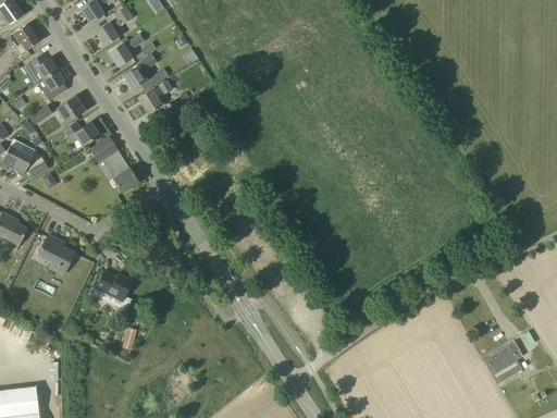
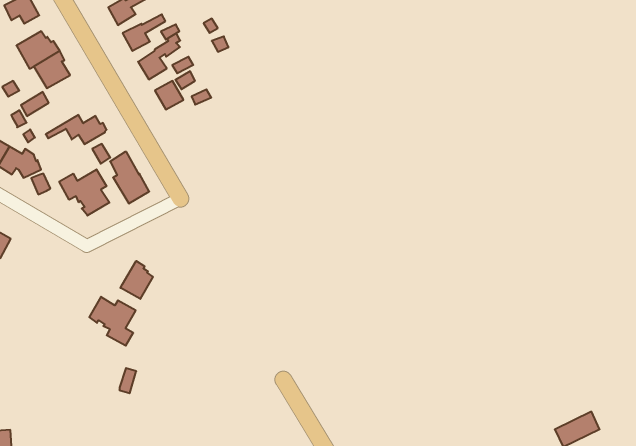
building: [55,96,85,123] -> none
building: none -> [59,169,109,216]
building: [38,235,74,276] -> none
building: none -> [120,261,153,299]

